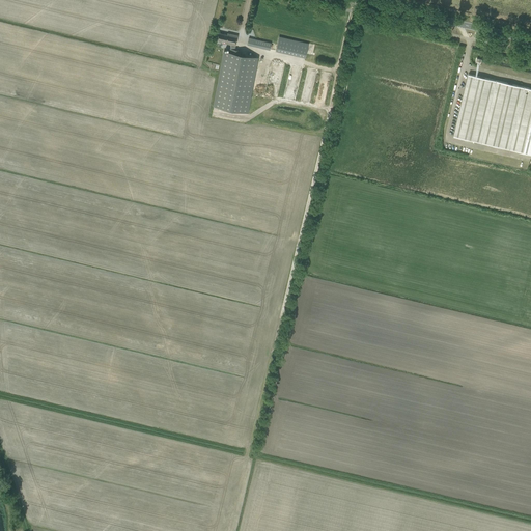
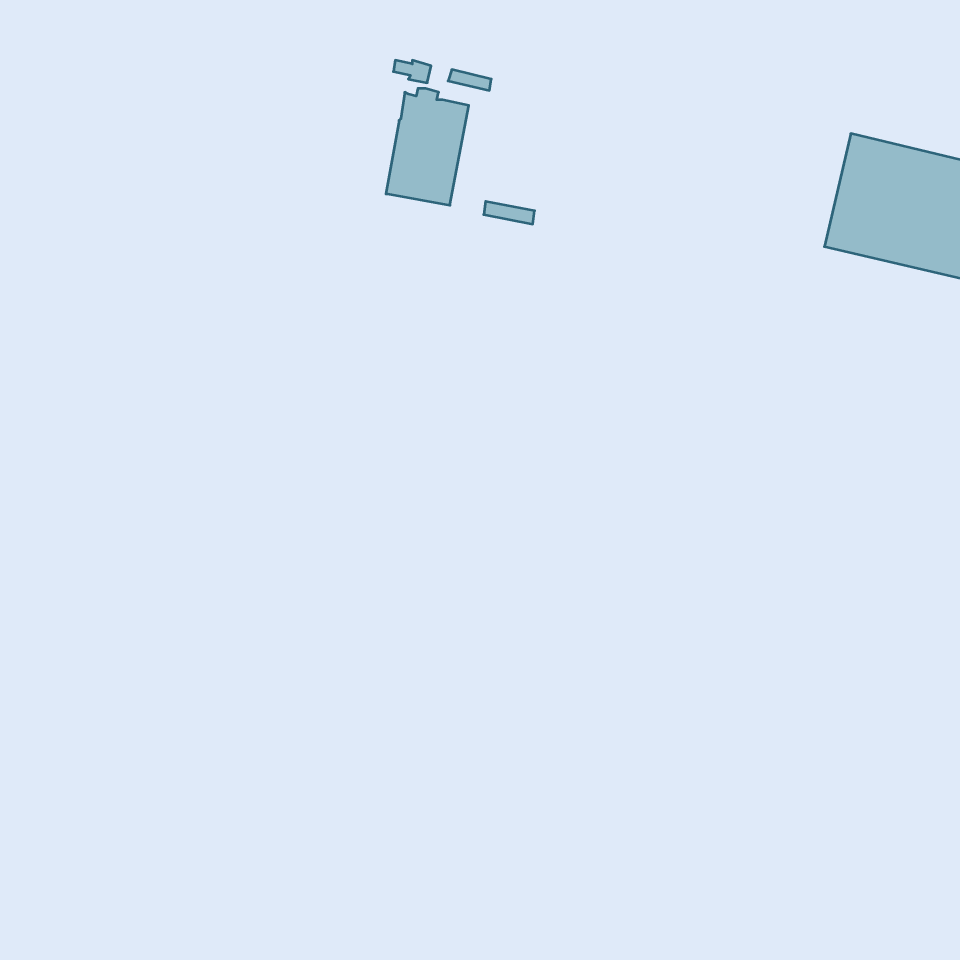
building: [277,37,309,58] -> none

